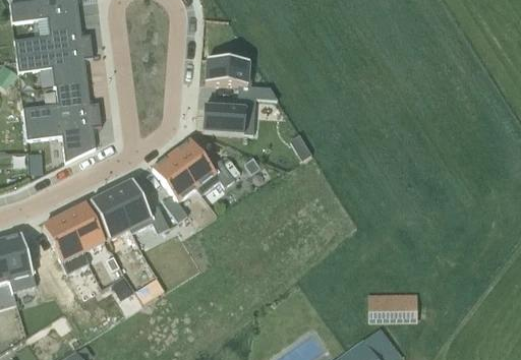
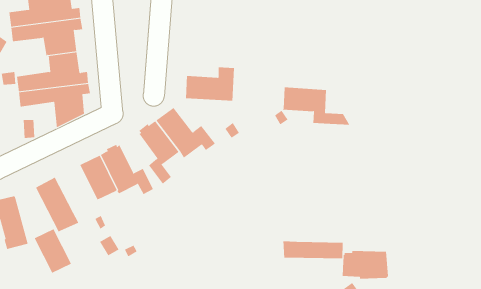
building: [205,59,278,100] -> [282,87,351,125]
building: [64,204,105,252] -> [34,229,72,273]
building: none -> [283,241,343,259]

